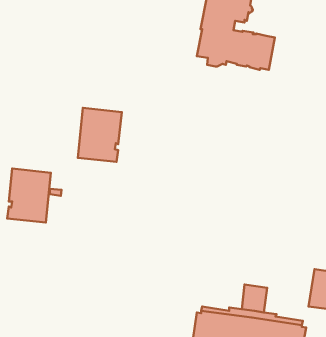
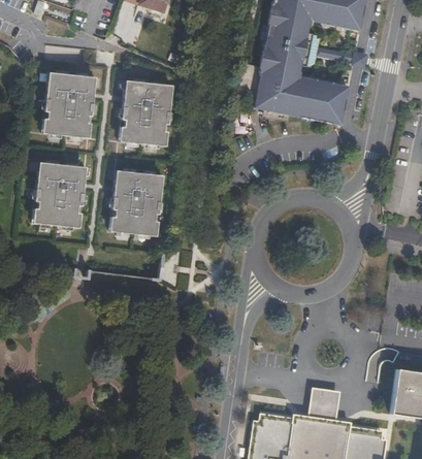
building: none -> [41,72,95,139]
building: none -> [119,80,172,146]
building: [7,168,51,223] -> [32,163,86,229]

